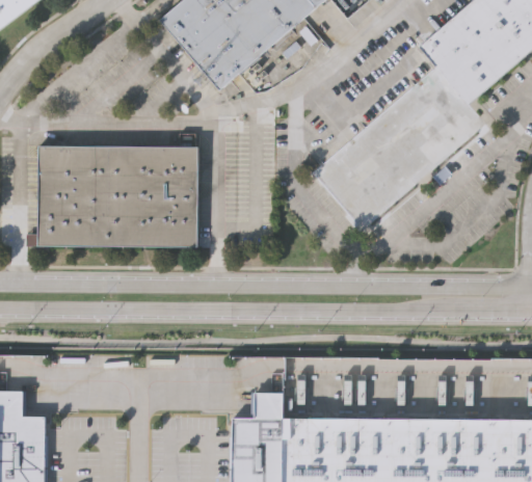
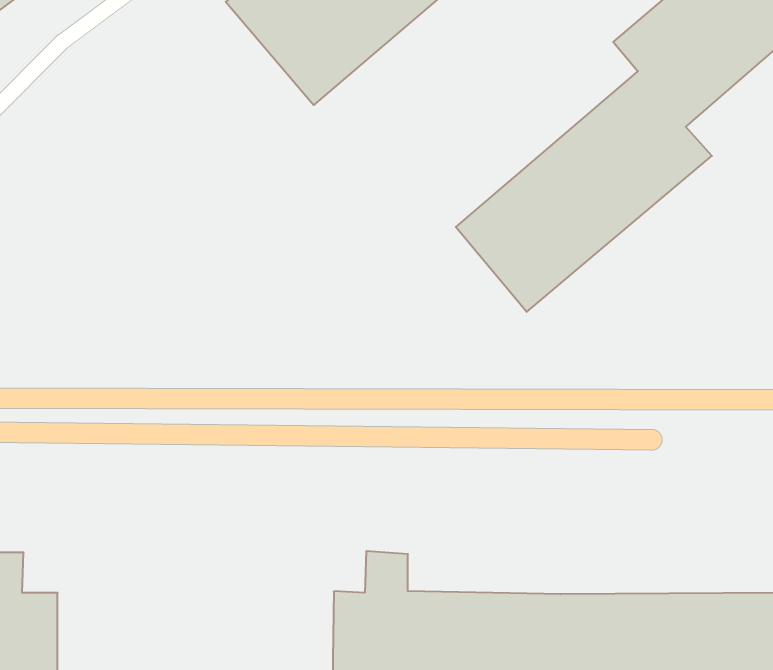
building: [37,146,197,247] -> none

